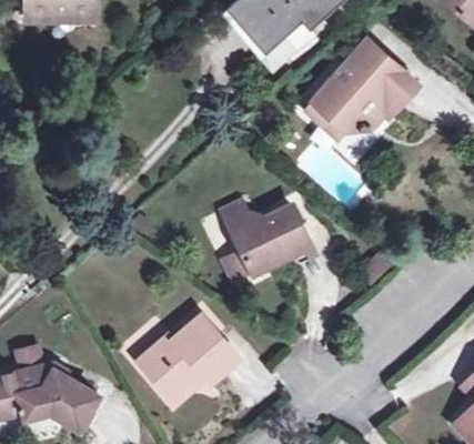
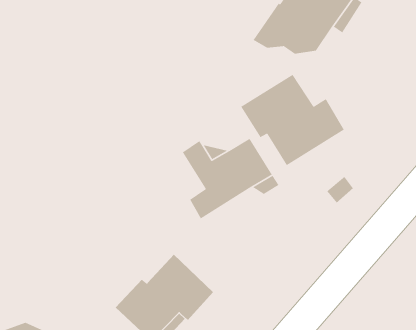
building: none -> [240,74,345,166]

